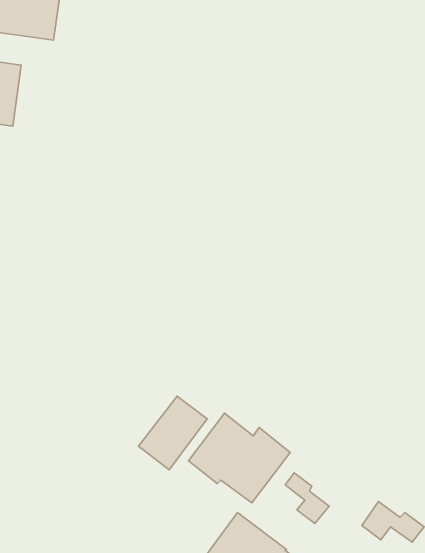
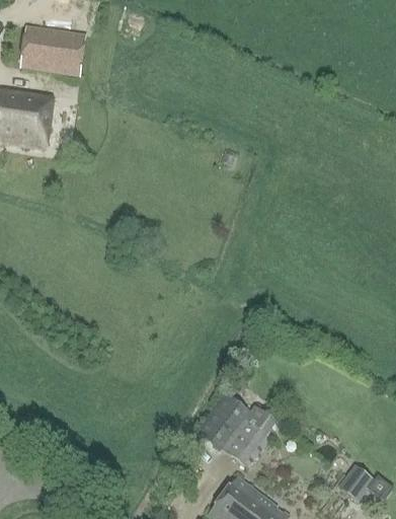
building: [139,396,207,470] -> none
building: [285,473,329,523] -> none

